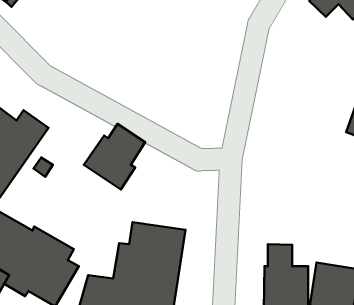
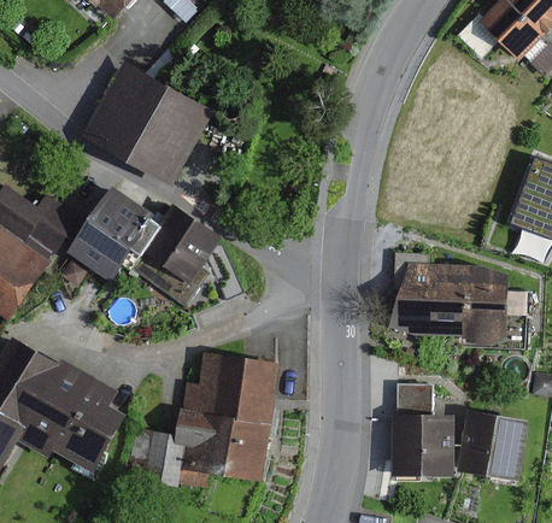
building: none -> [82,60,215,186]
building: none -> [69,186,163,281]
building: none -> [388,253,507,345]

